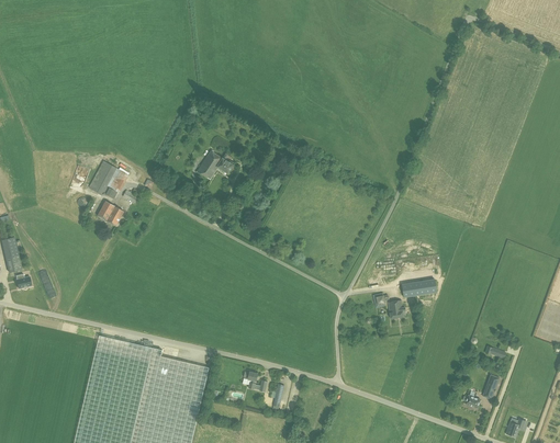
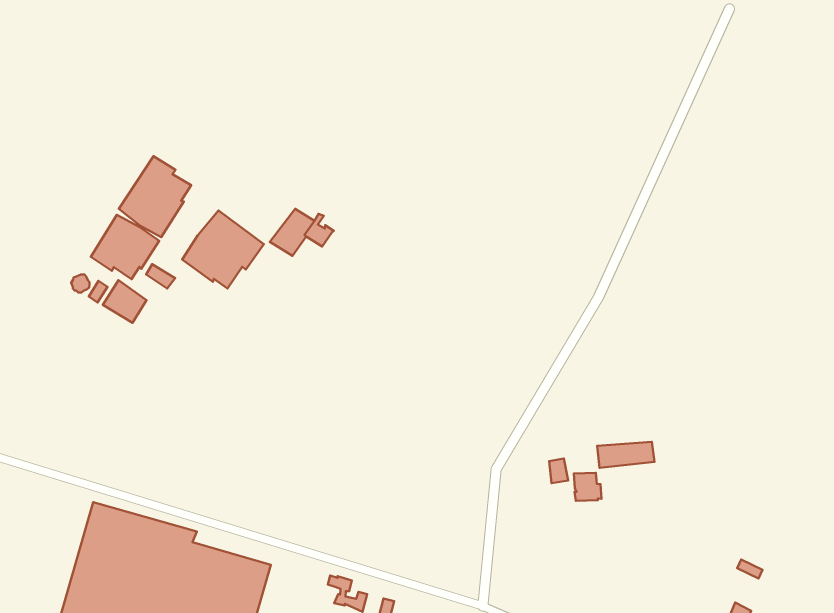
building: none -> [119,156,191,237]
building: none -> [182,210,264,288]

